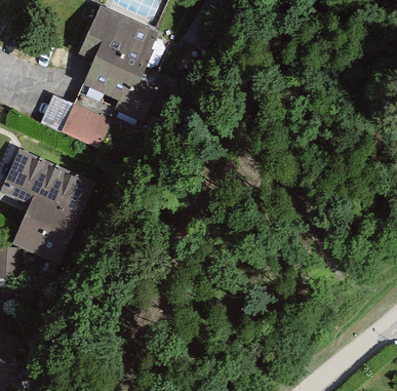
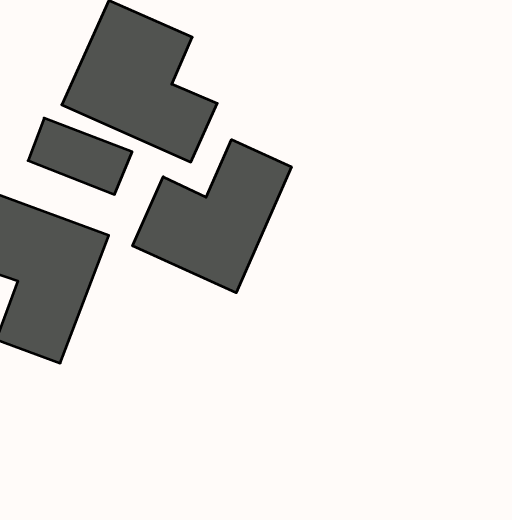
building: none -> [133,140,291,293]

